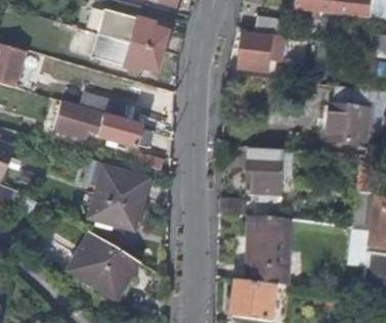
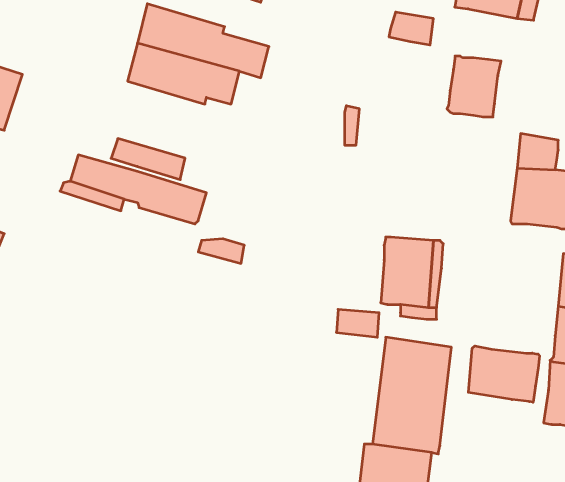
building: [239,33,272,71] -> [447,56,501,117]
building: [88,168,144,230] -> none
building: none -> [468,346,540,402]
building: [68,233,135,301] -> none

